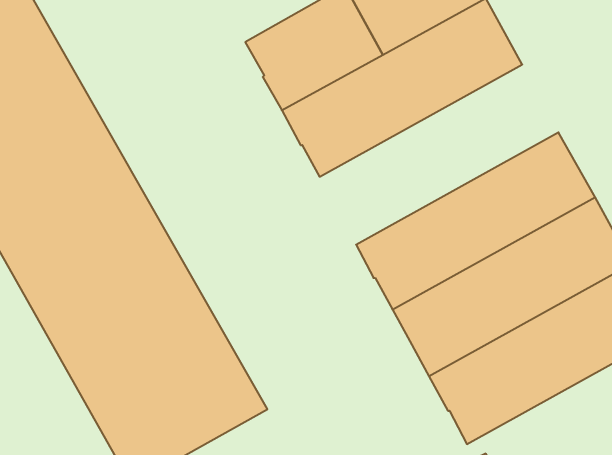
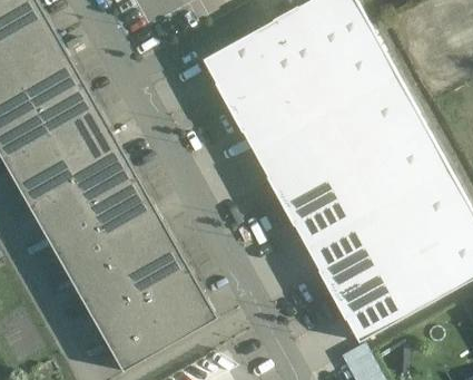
building: none -> [254,75,422,202]

